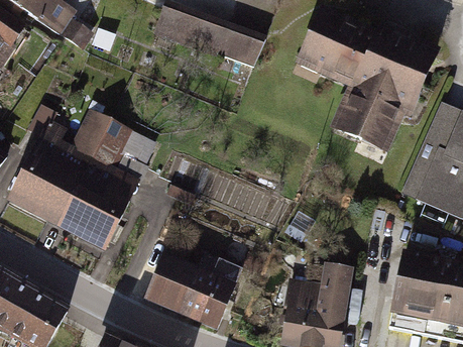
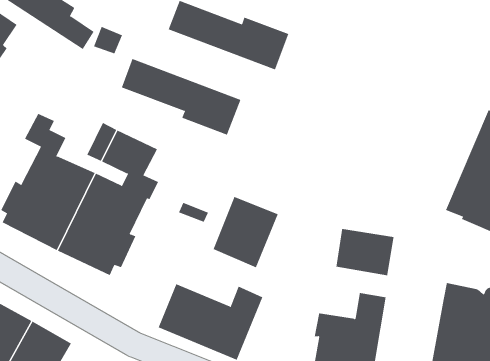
building: [302,8,437,144] -> none
building: none -> [121,58,241,136]
building: none -> [213,196,279,268]
building: none -> [336,228,394,276]

